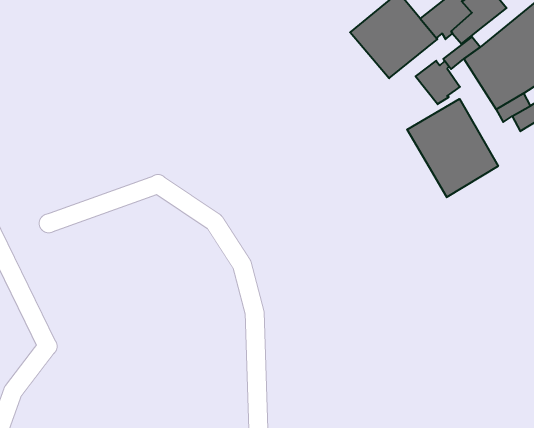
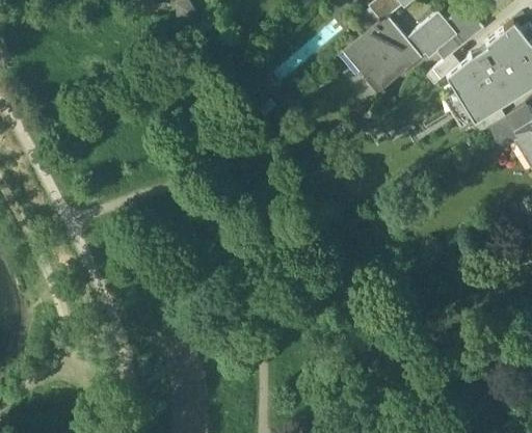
building: [416,61,460,104] -> none
building: [407,99,498,197] -> none

